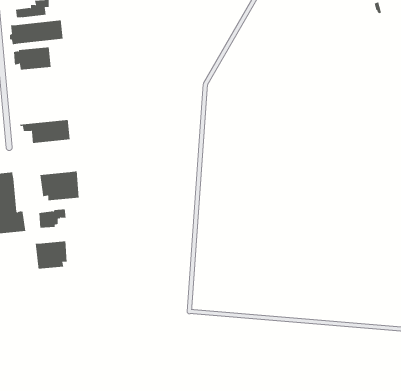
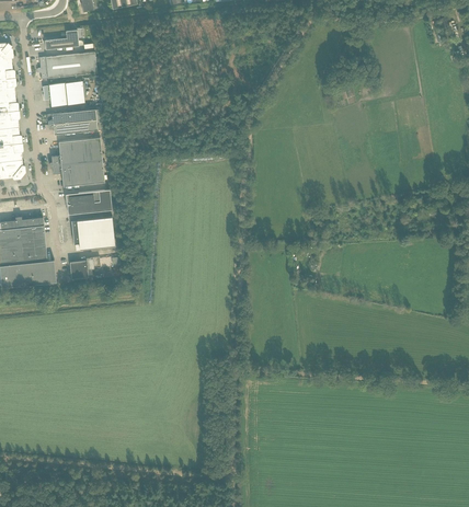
building: none -> [46,108,102,135]
building: none -> [48,137,102,165]
building: none -> [64,189,111,214]
building: [35,241,67,270] -> none

